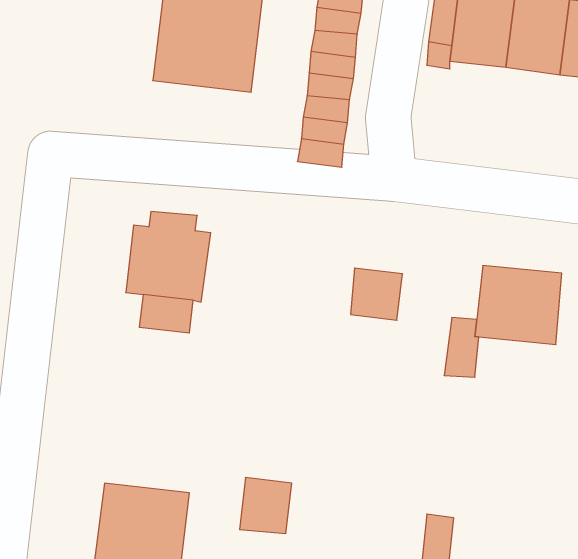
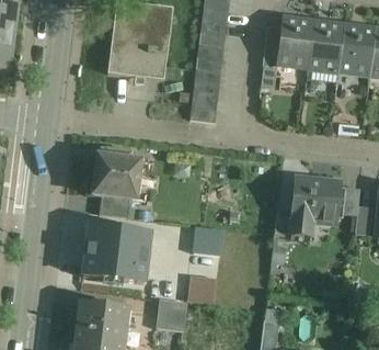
building: [351,268,403,320] -> [193,225,222,255]
building: none -> [82,225,150,281]
building: none -> [187,274,217,304]

